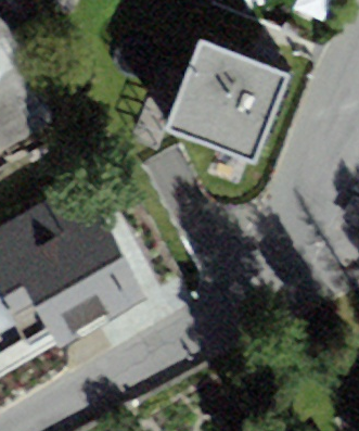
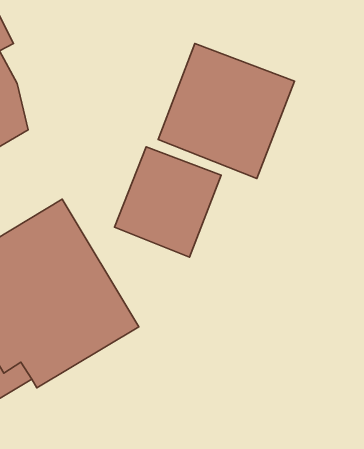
building: none -> [114,147,221,257]

